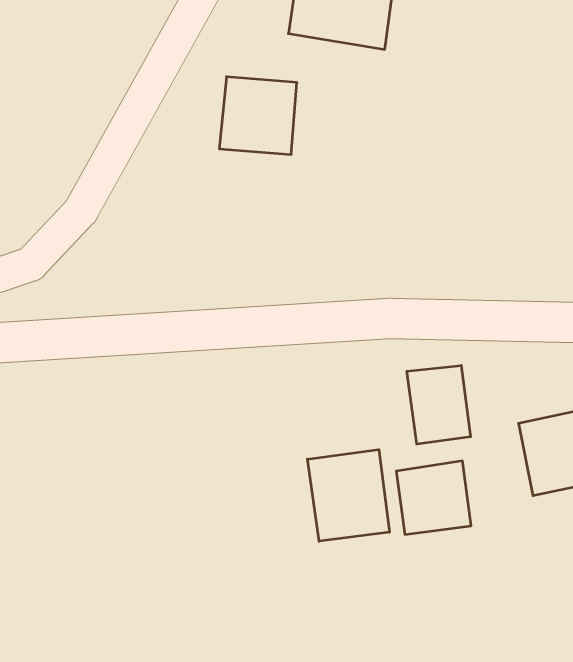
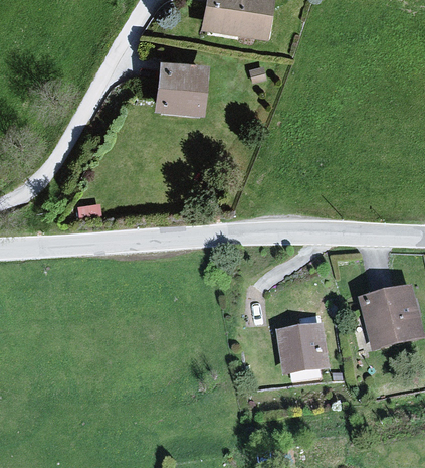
building: [407,365,471,444] -> none
building: [307,450,389,541] -> none

